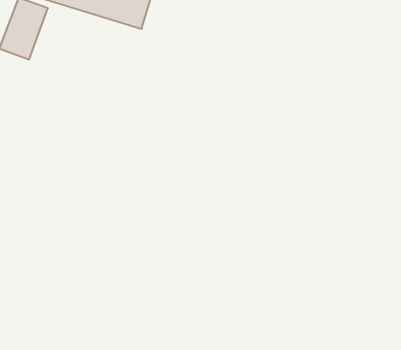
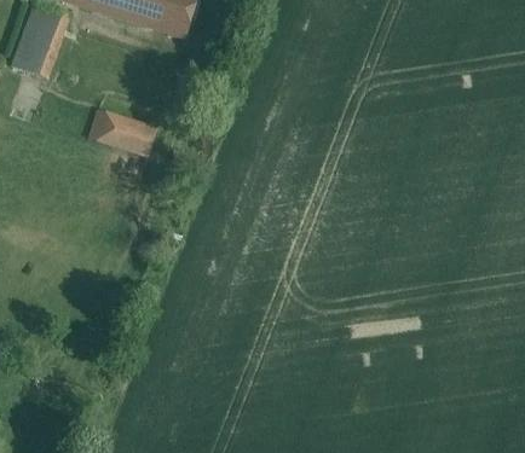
building: none -> [87,108,156,157]

